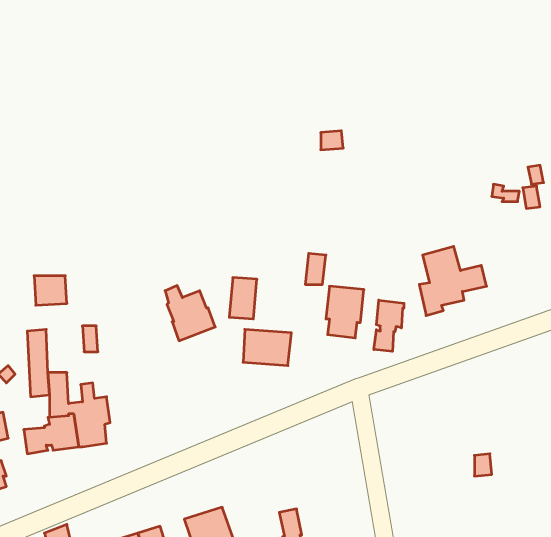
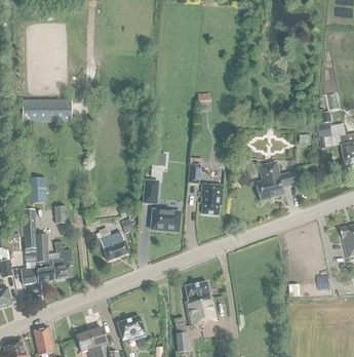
building: none -> [22,100,72,121]
building: [165,286,215,341] -> [99,228,128,261]
building: [374,300,404,351] -> none
building: none -> [184,281,218,326]

